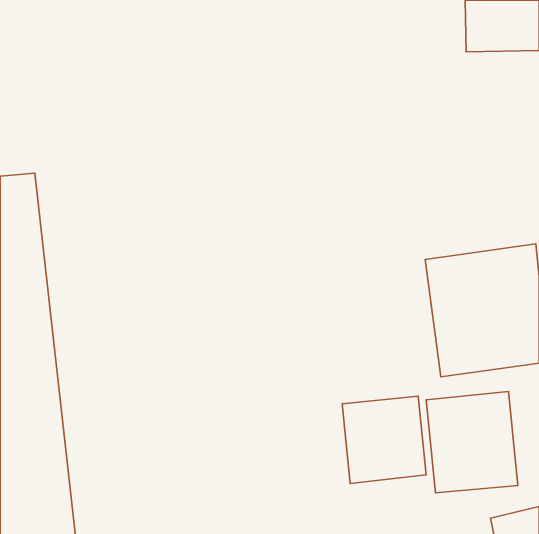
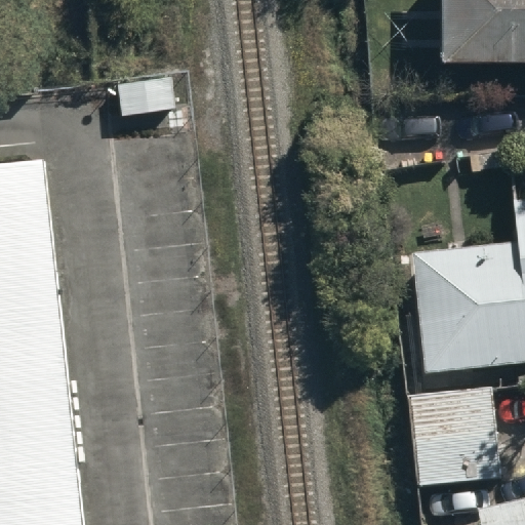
building: [342,396,426,483] -> none

